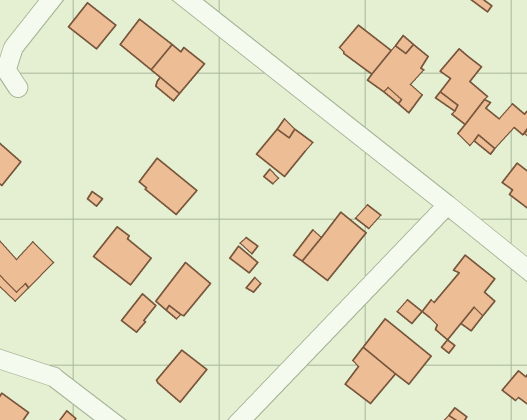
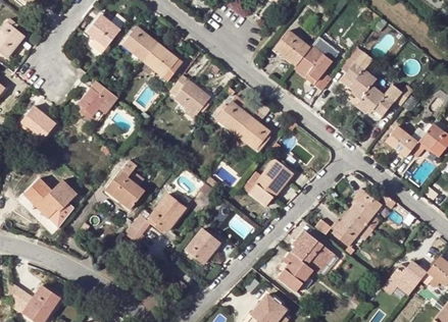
building: none -> [80,82,118,124]
building: none -> [231,117,270,152]
building: [139,158,197,214] -> [170,75,210,114]
building: [157,350,207,402] -> [186,228,220,264]

